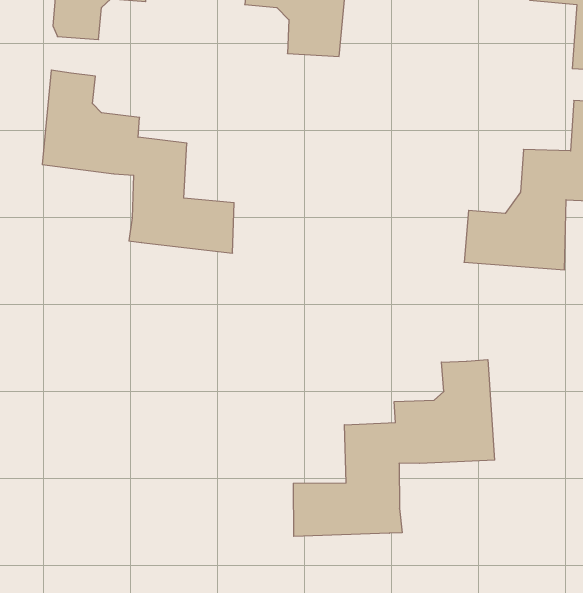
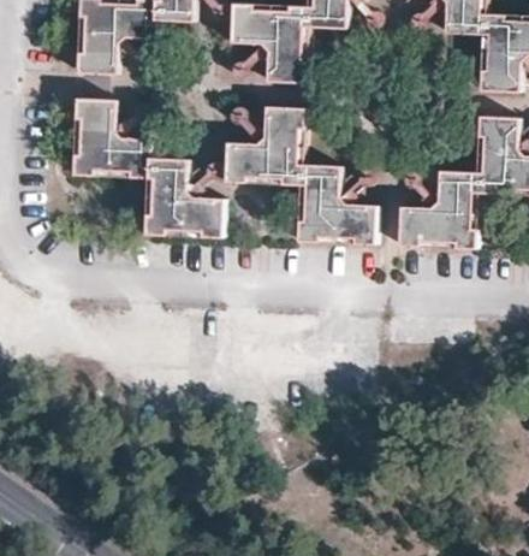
building: none -> [219,103,375,243]
building: [293,360,495,536] -> none

